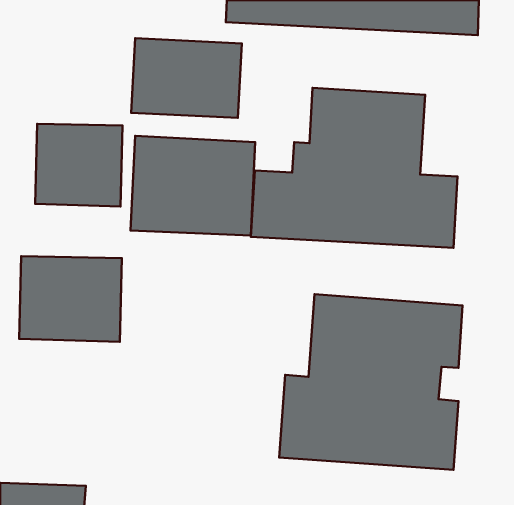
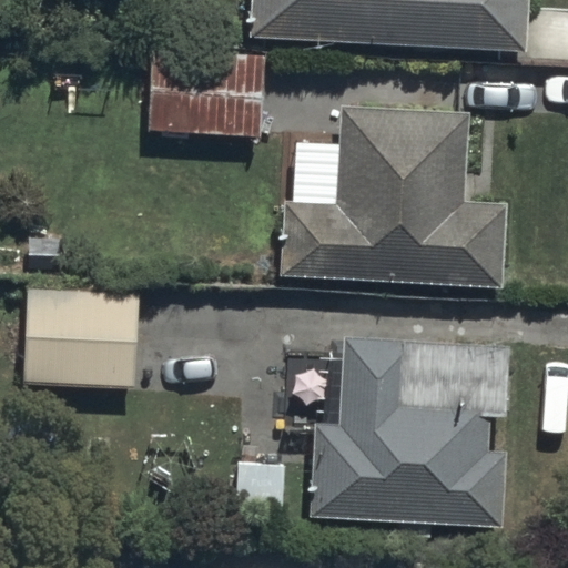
building: [35,124,123,206] -> none
building: [131,136,255,236] -> none

